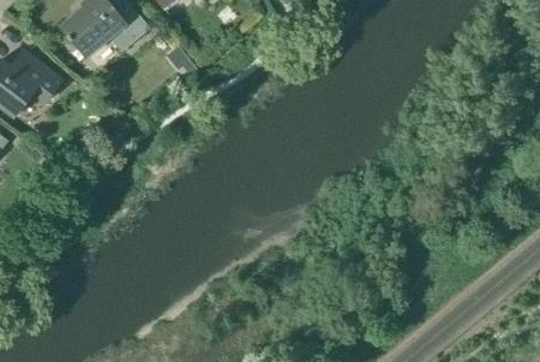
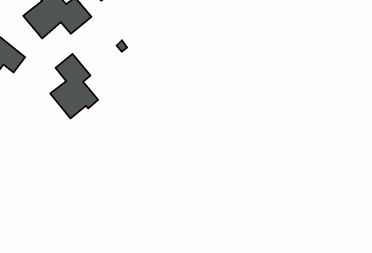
building: none -> [50,54,98,119]

